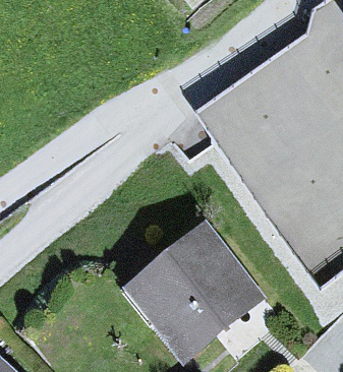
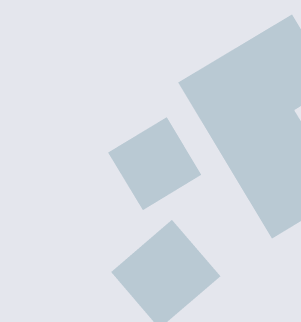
building: none -> [107,116,202,211]

